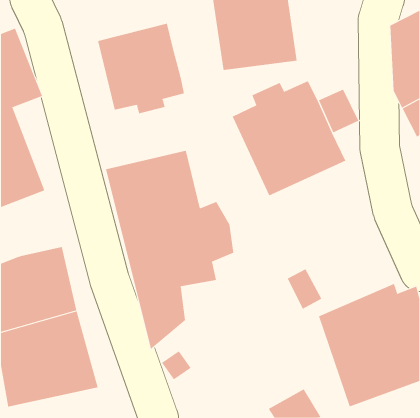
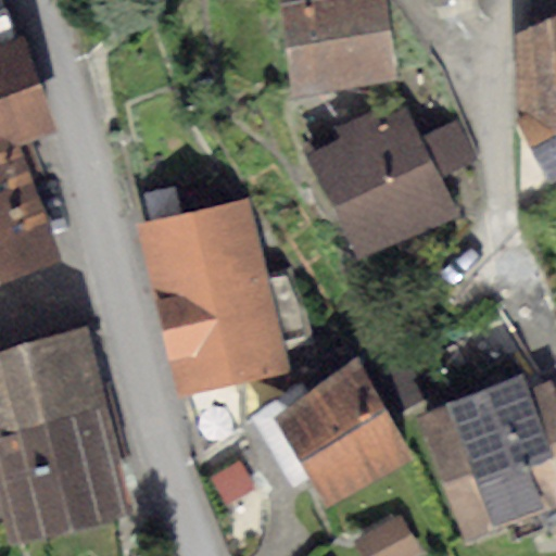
building: [97,23,184,114] -> none
building: none -> [276,354,416,505]

